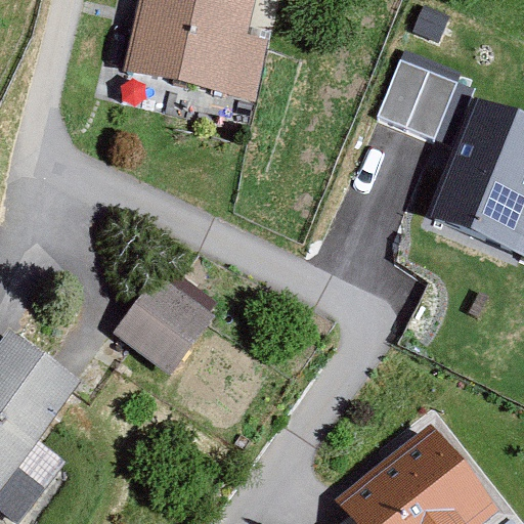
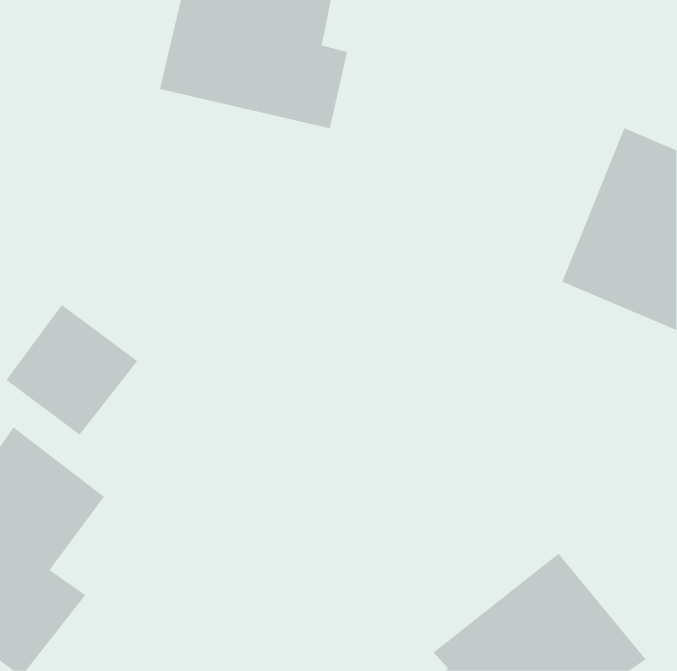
building: [376,56,458,142] -> none
building: [114,271,216,373] -> [6,304,138,436]

